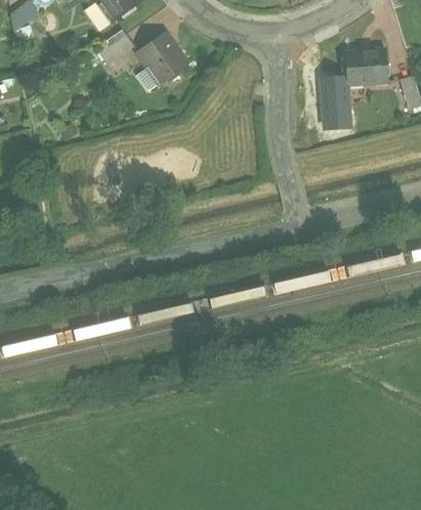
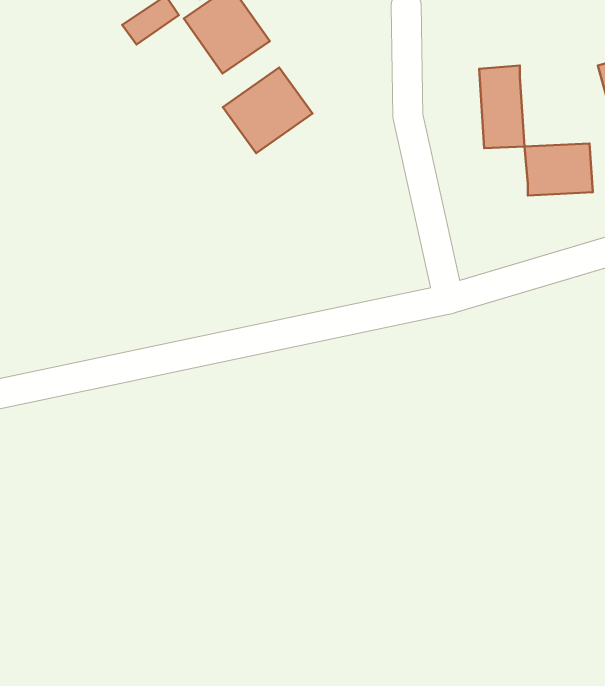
building: [345,52,388,85] -> [525,143,593,195]
building: none -> [223,68,312,153]

